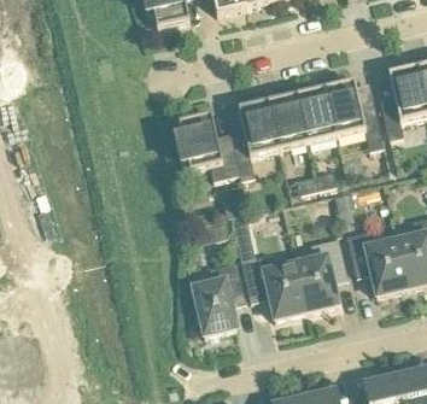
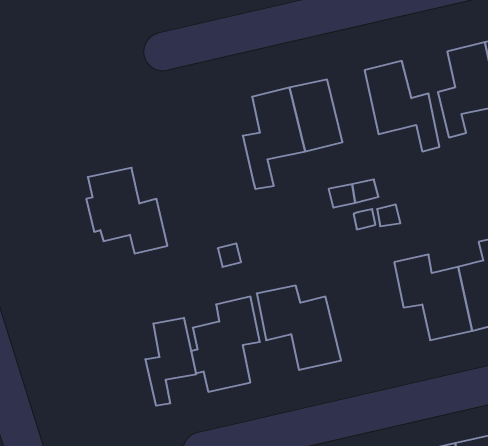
building: [296,86,335,141] -> none
building: [176,112,239,178] -> [86,168,167,254]
building: [294,236,346,310] -> none
building: none -> [145,318,196,406]

